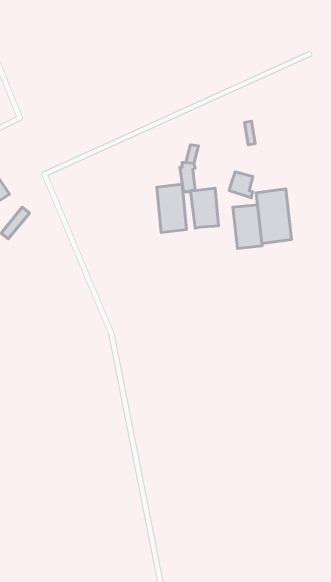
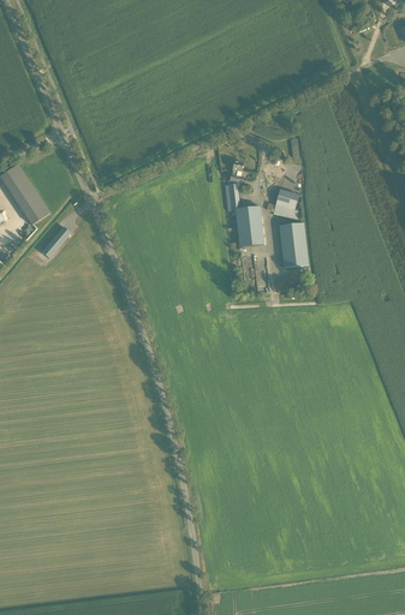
building: [157,184,187,232] -> none
building: [256,189,292,243] -> none

